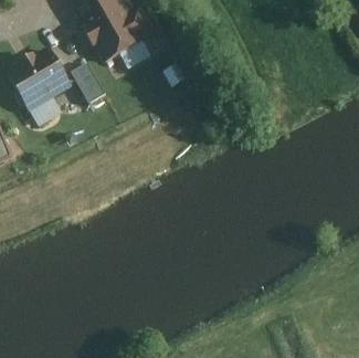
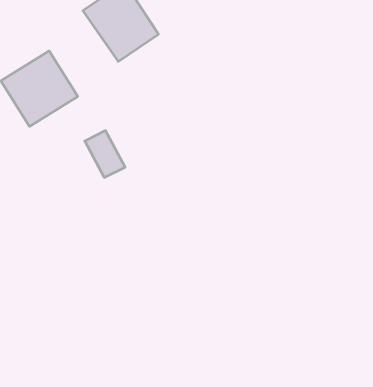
building: [72,66,106,106] -> [85,131,125,177]

